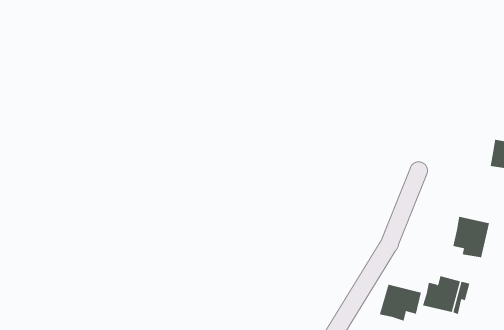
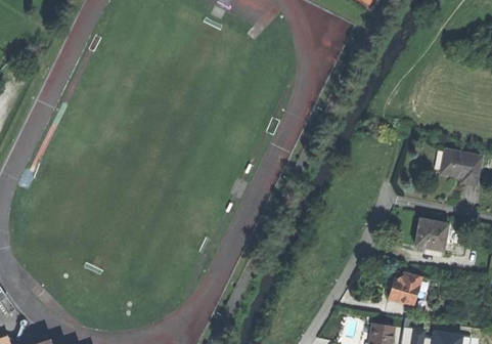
building: [379,284,421,321] -> none

